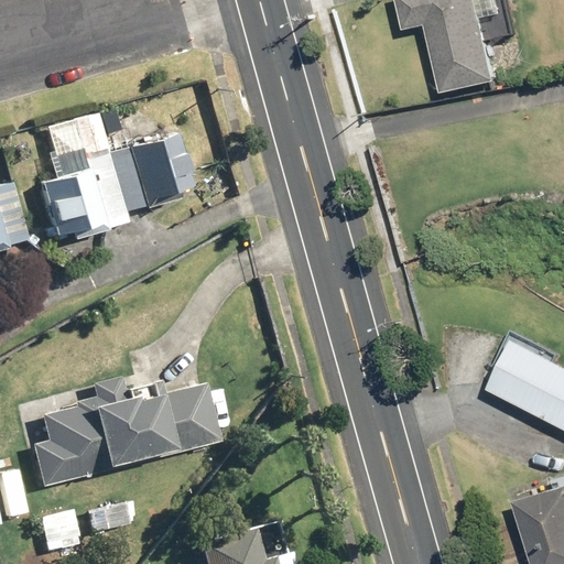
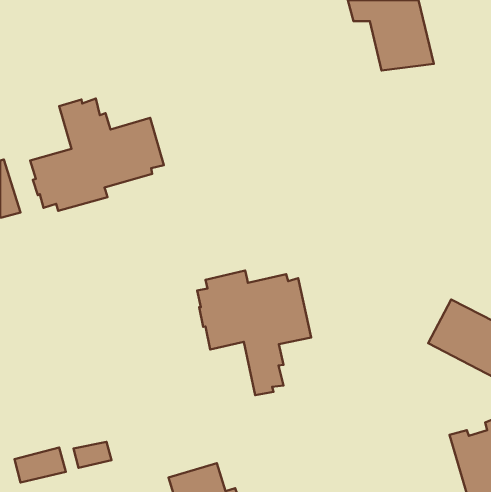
building: none -> [197,271,311,395]
building: [13,361,218,480] -> none

